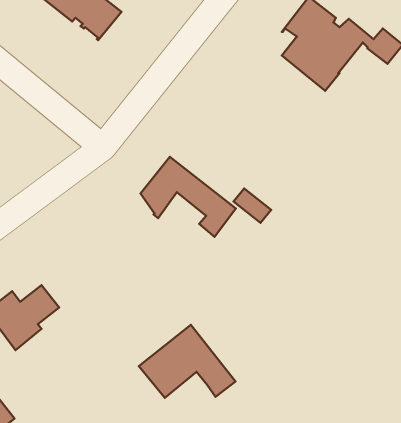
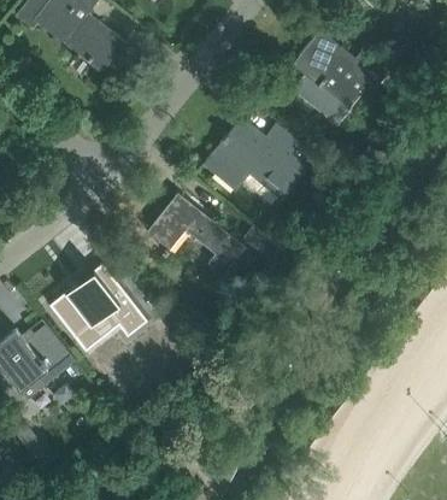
building: none -> [205,119,308,198]
building: [139,325,235,398] -> [48,264,147,339]

